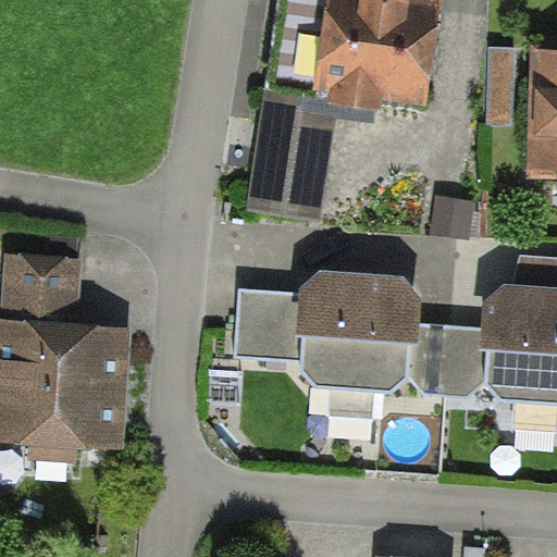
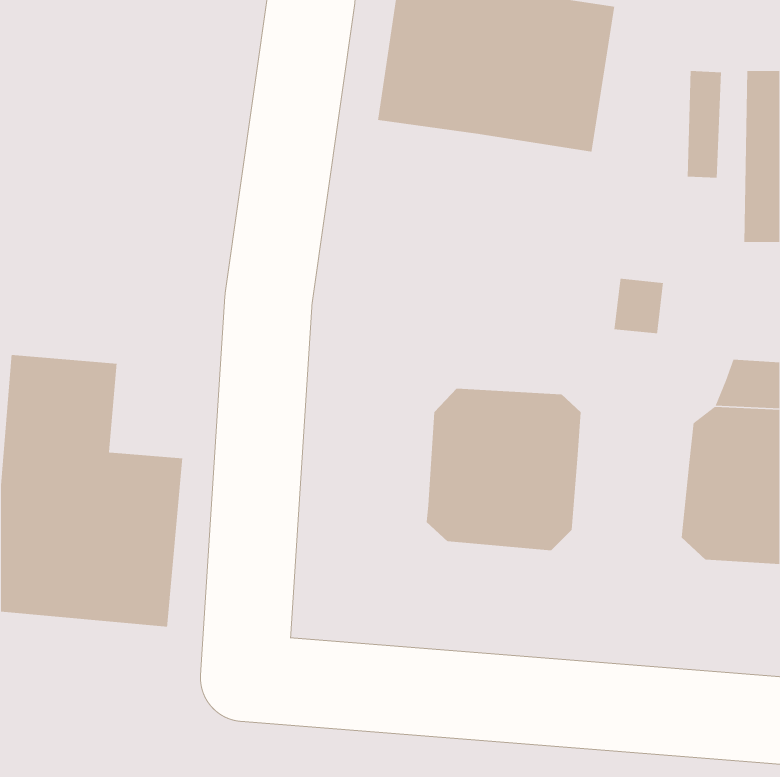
building: [251,86,341,216] -> none
building: [237,289,309,360] -> none
building: [408,324,491,398] -> none

